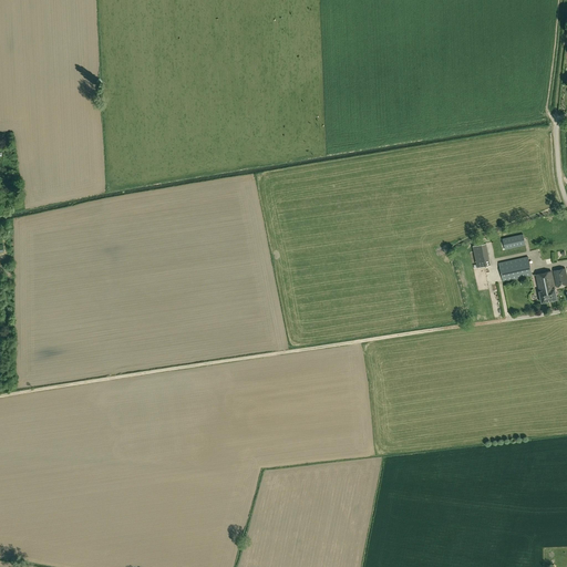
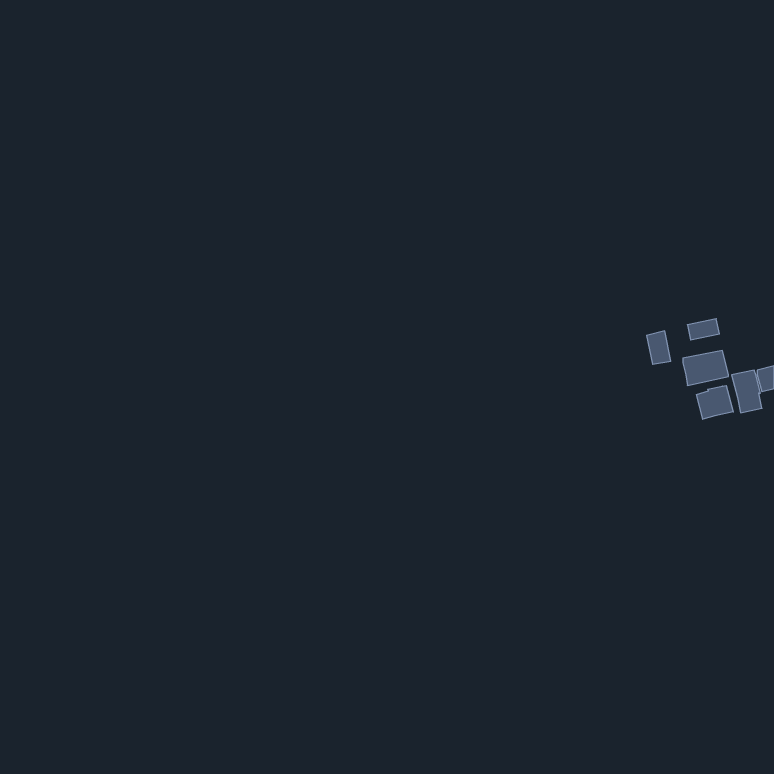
building: none -> [696,386,733,419]

